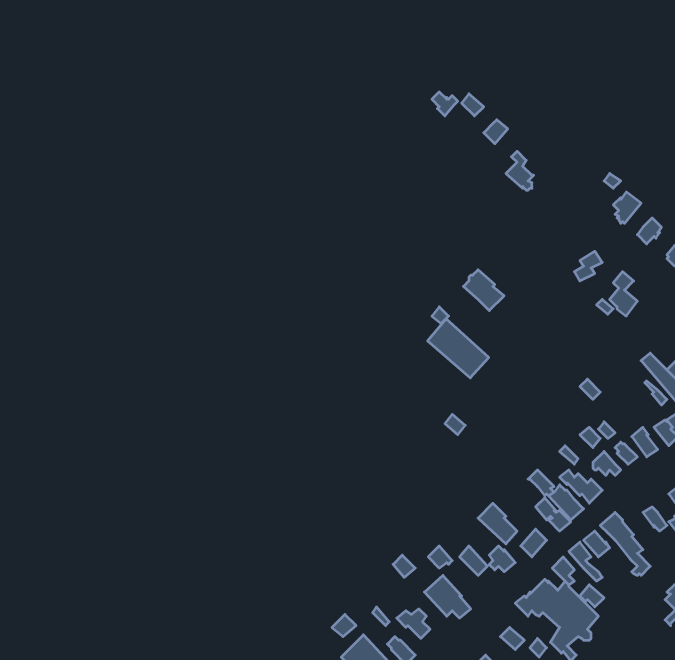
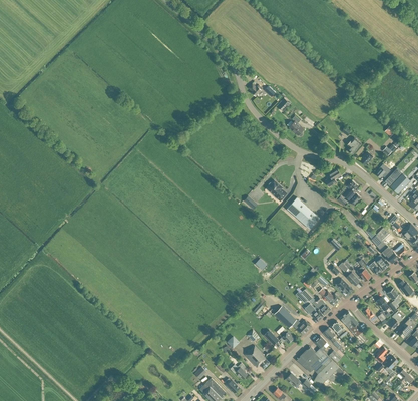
building: [428,319,489,378] -> [287,196,320,229]

